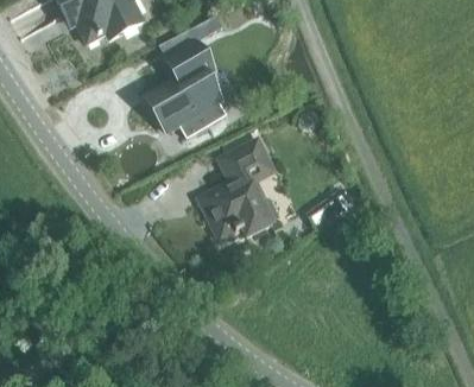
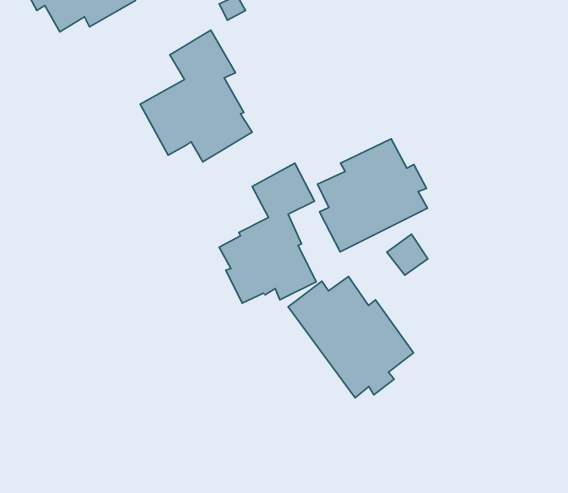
building: none -> [317,139,427,252]
building: none -> [288,277,413,398]

